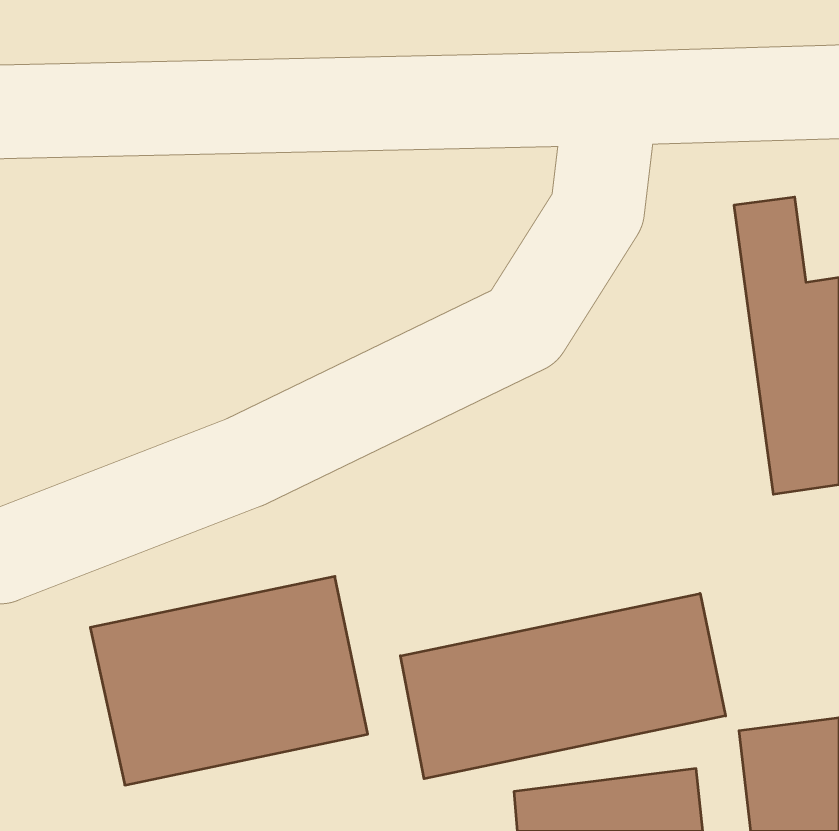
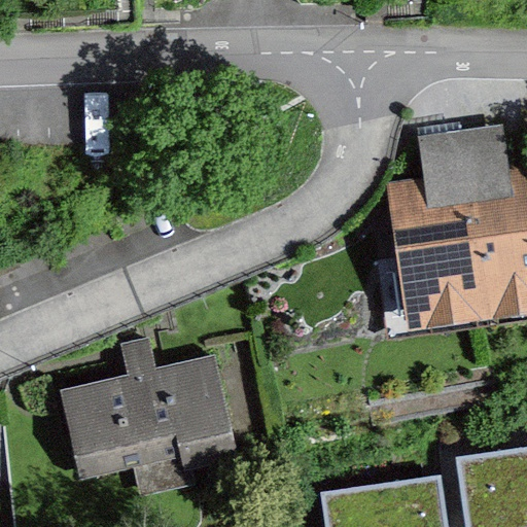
building: none -> [394,129,485,319]
building: [400,593,726,779] -> none

